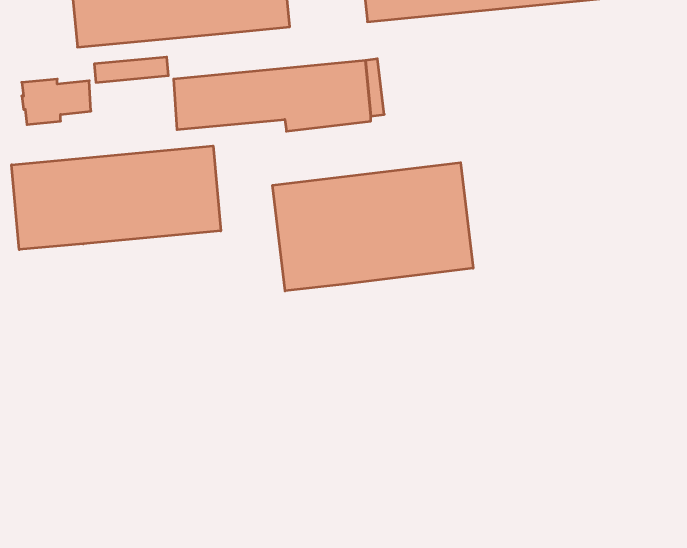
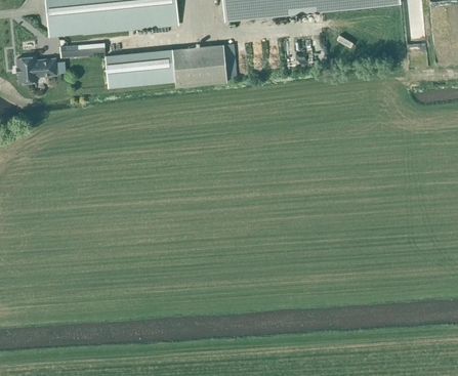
building: [12,146,221,250] -> none
building: [273,163,473,291] -> none

